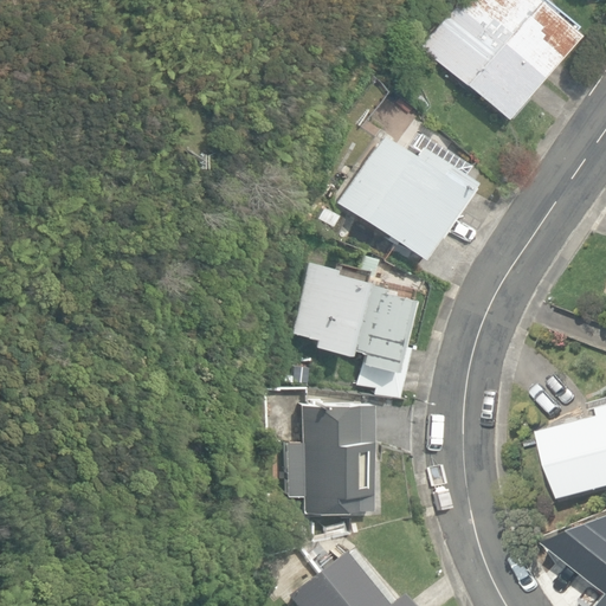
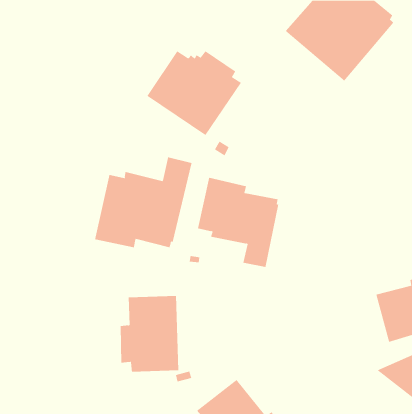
building: [337,135,476,259] -> [147,50,242,136]
building: none -> [95,157,192,248]
building: [290,401,376,512] -> [120,296,179,372]

